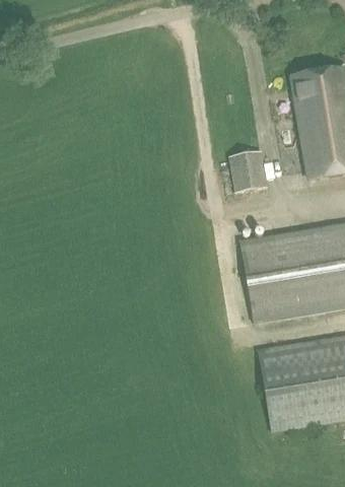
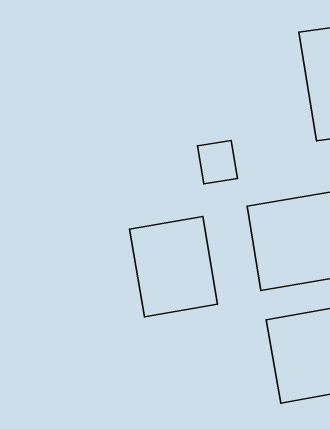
building: [228,150,267,192] -> [198,141,238,184]
building: none -> [130,217,218,317]

